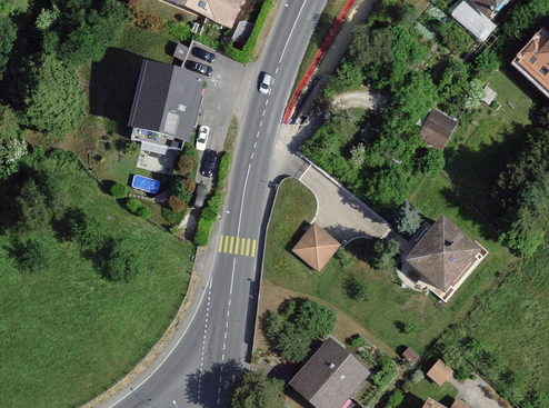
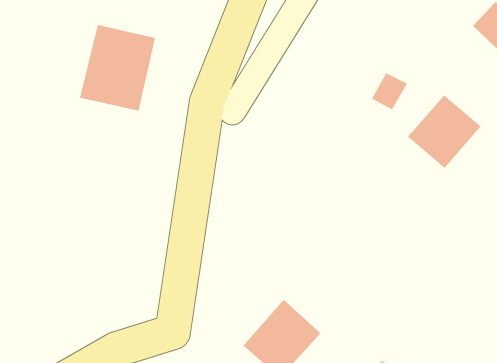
building: [406,217,480,291] -> [407,94,481,169]
building: [292,223,339,269] -> none

